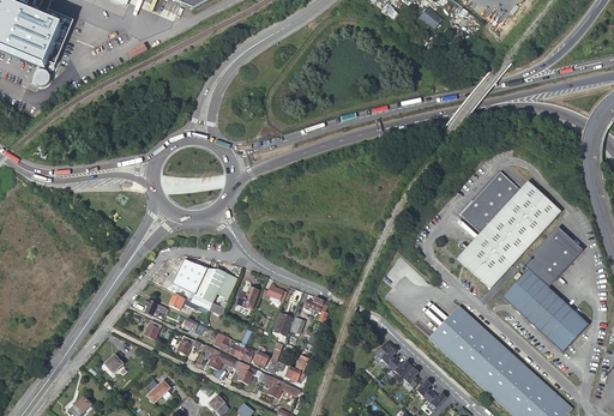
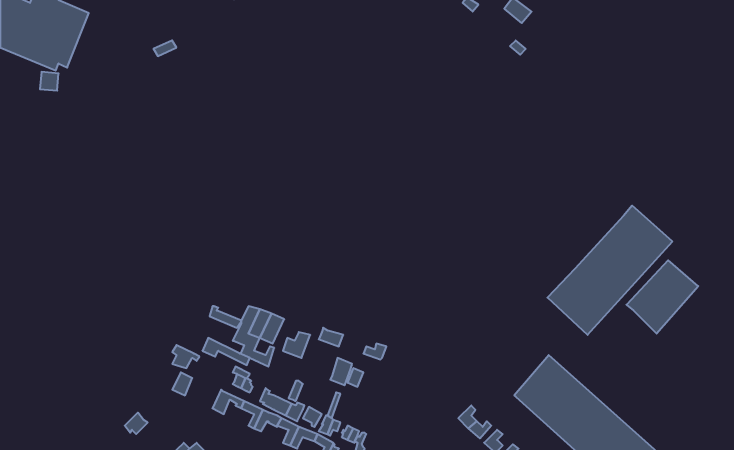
building: [459,170,520,234] -> none
building: [502,269,588,351] -> none

